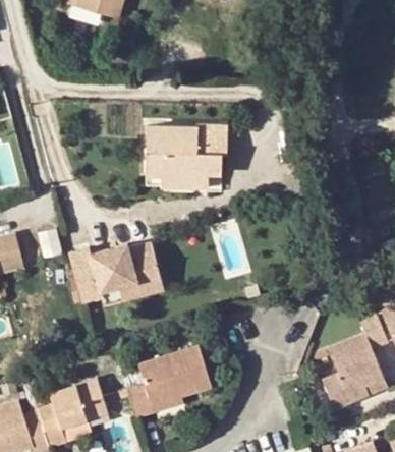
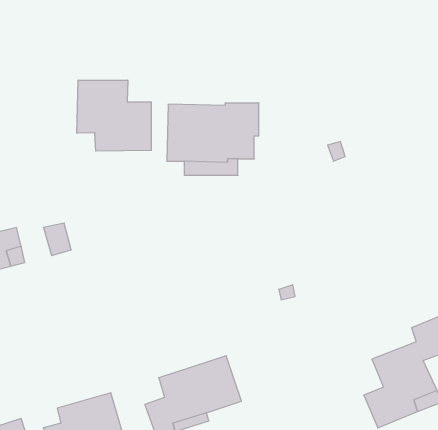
building: none -> [77,80,151,151]
building: [69,241,162,298] -> none

